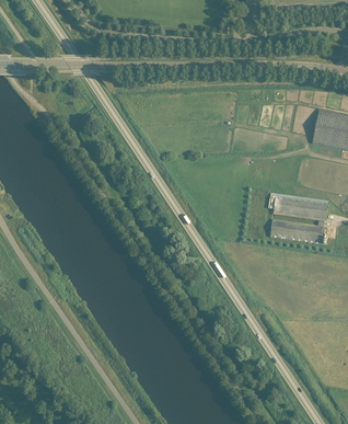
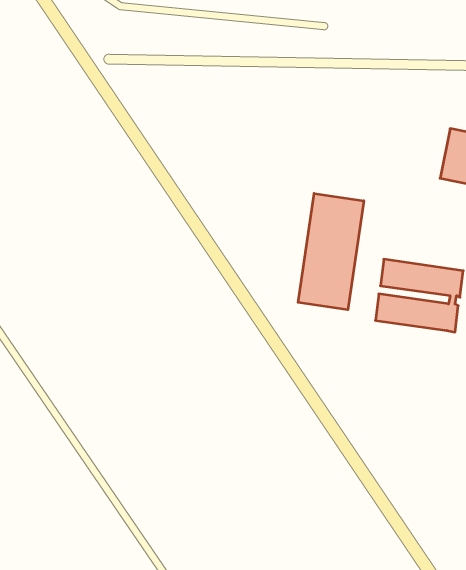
building: none -> [298,193,364,310]

